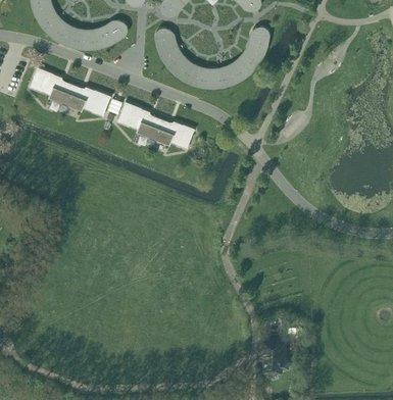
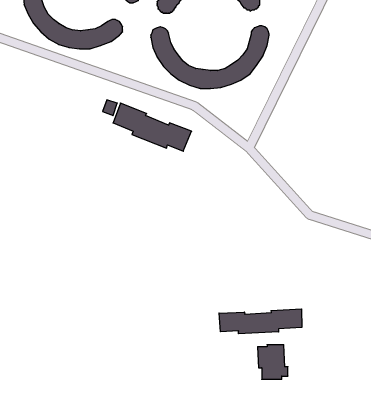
building: [30,68,110,116] -> none
building: none -> [219,309,302,334]

